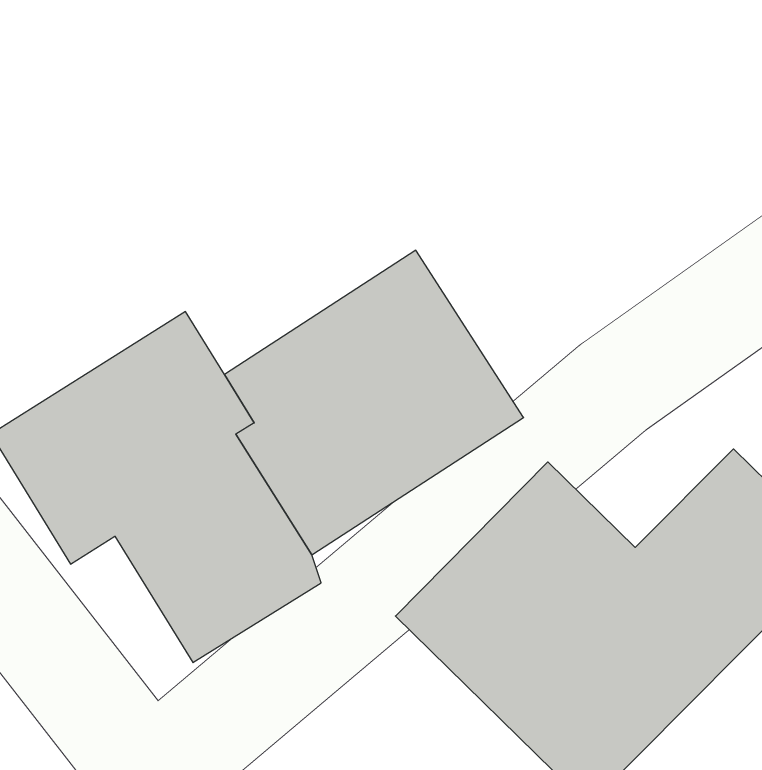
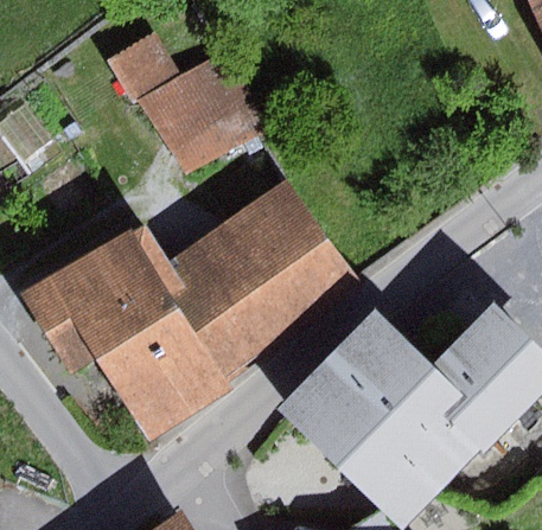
building: none -> [108,33,268,178]

